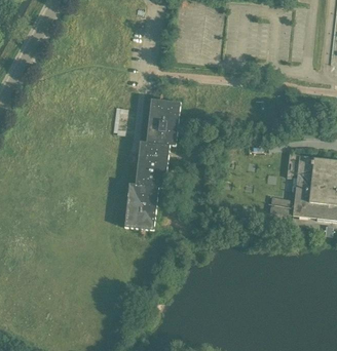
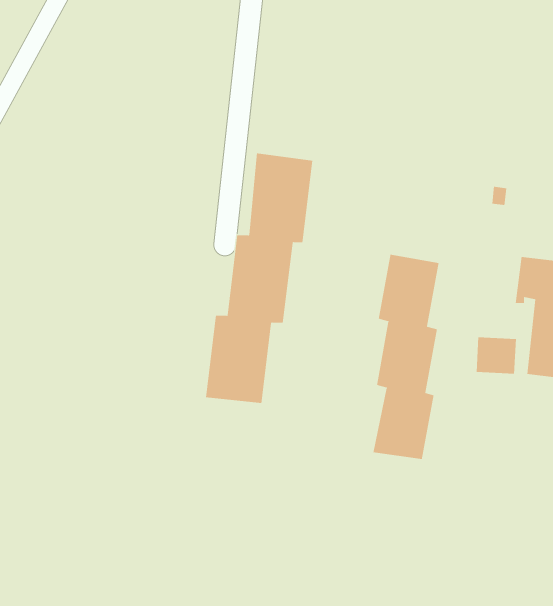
building: none -> [373,254,439,460]

